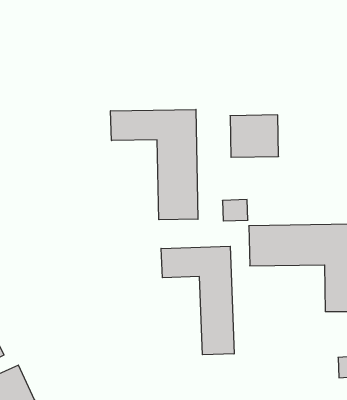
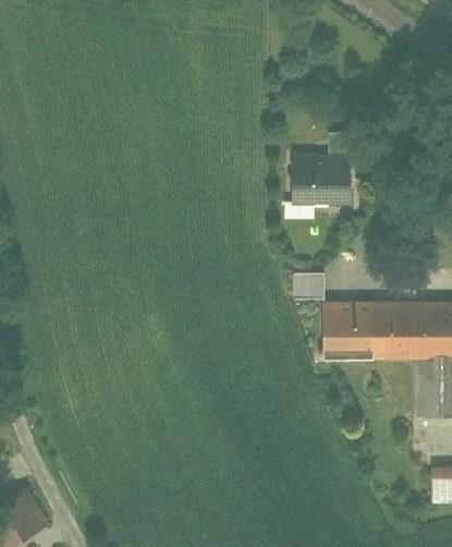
building: [111,109,198,220] -> none
building: [161,246,234,355] -> none

